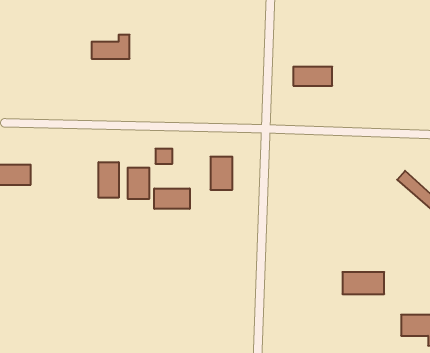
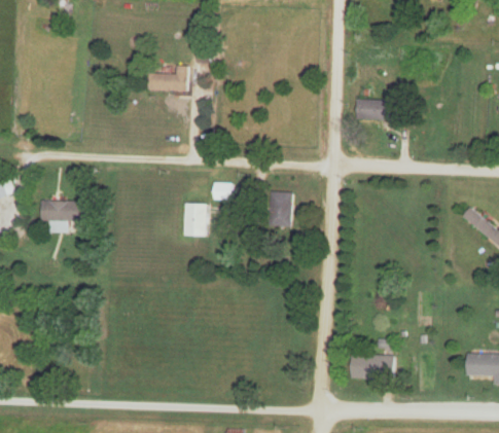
building: [99,162,119,198] -> none
building: [154,188,190,209] -> none
building: [342,272,384,294] -> [351,356,394,378]

